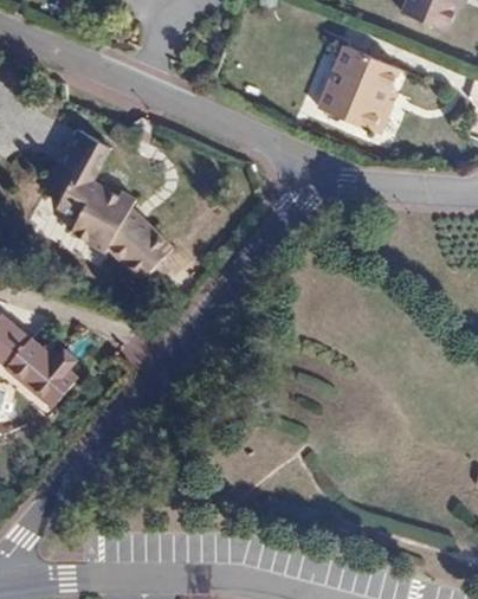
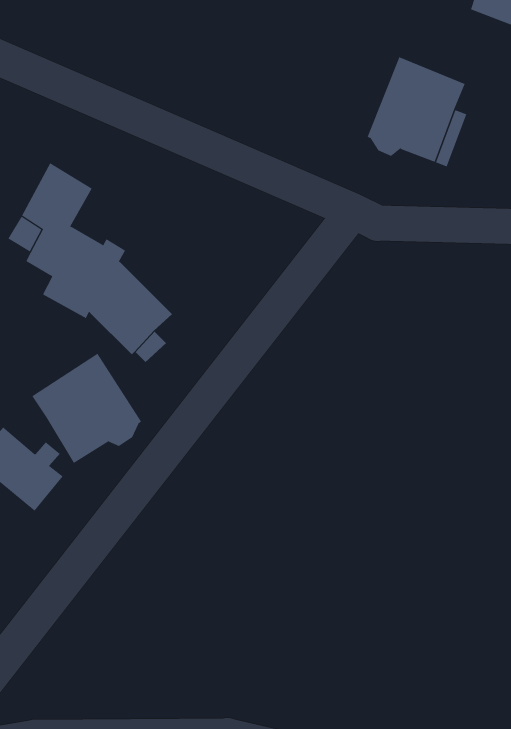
building: none -> [32,353,142,464]

